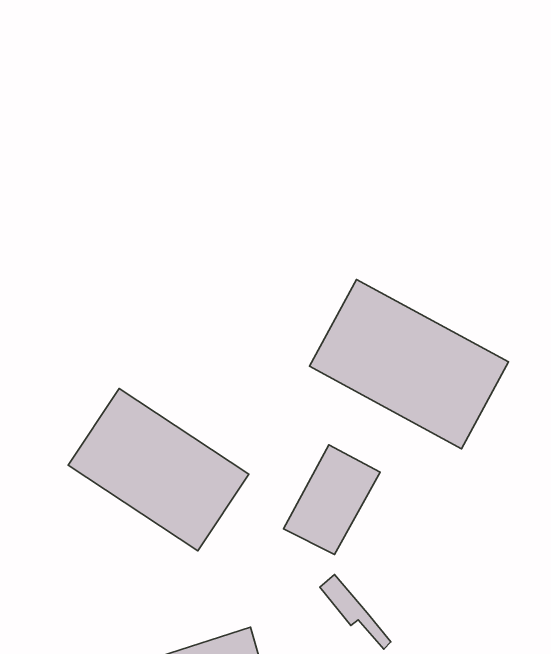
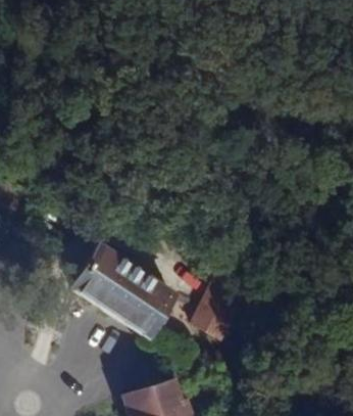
building: [310,279,508,449] -> none

